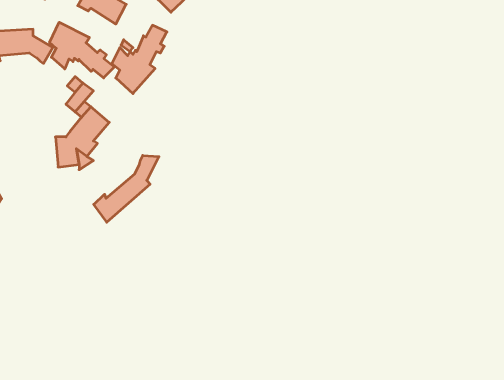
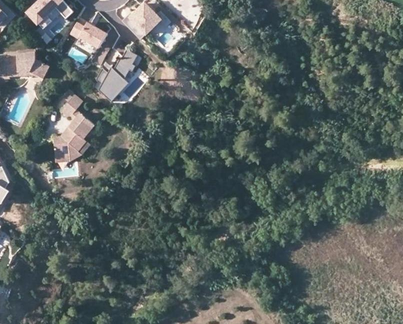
building: [50,22,114,78] -> none
building: [94,155,159,222] -> none

